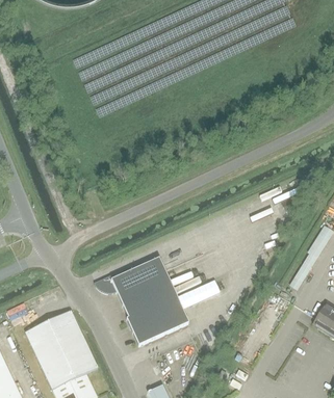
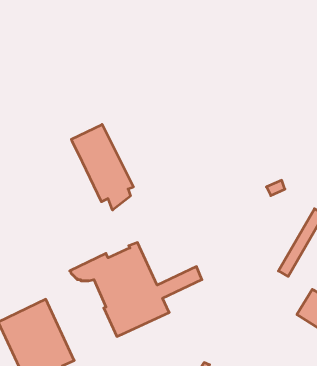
building: none -> [71,124,133,210]

